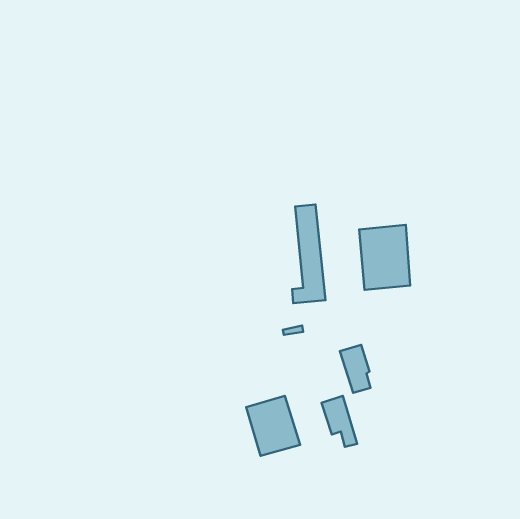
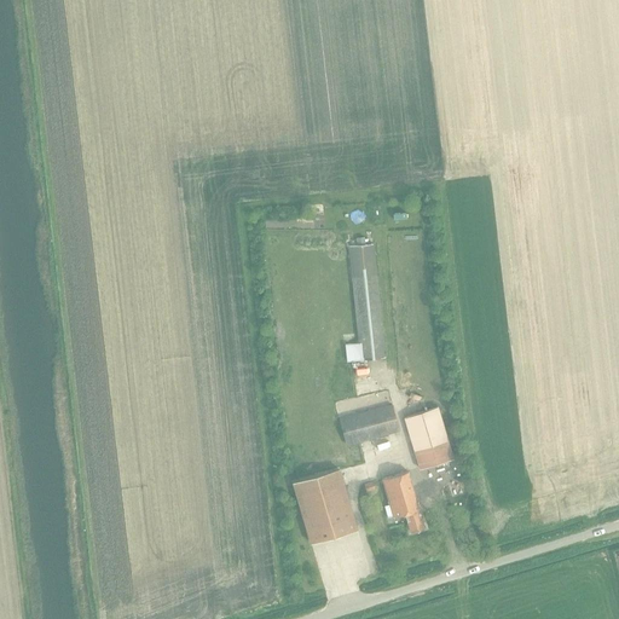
building: [359,225,410,290] -> none
building: none -> [340,405,399,445]

